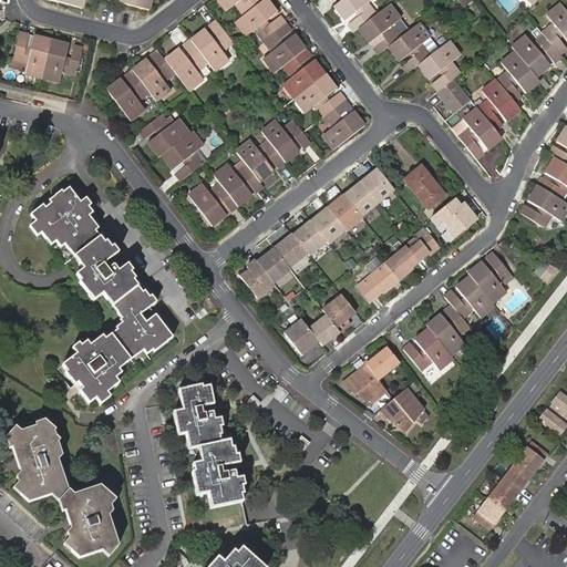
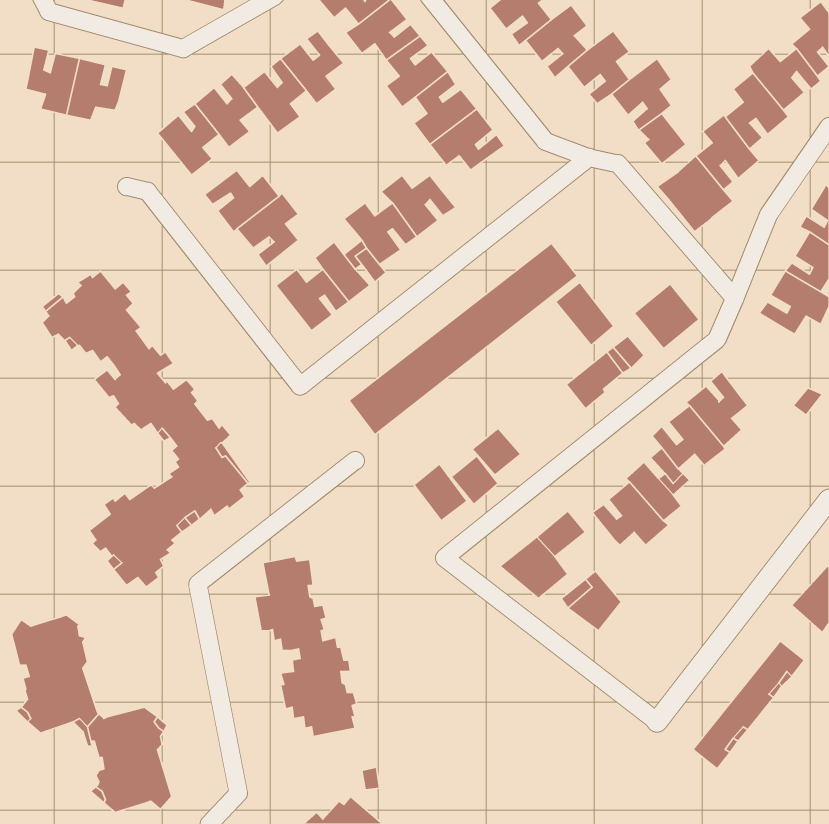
building: [321,100,362,150] -> none
building: [405,165,445,208] -> [556,282,614,346]
building: [360,262,400,298] -> none

